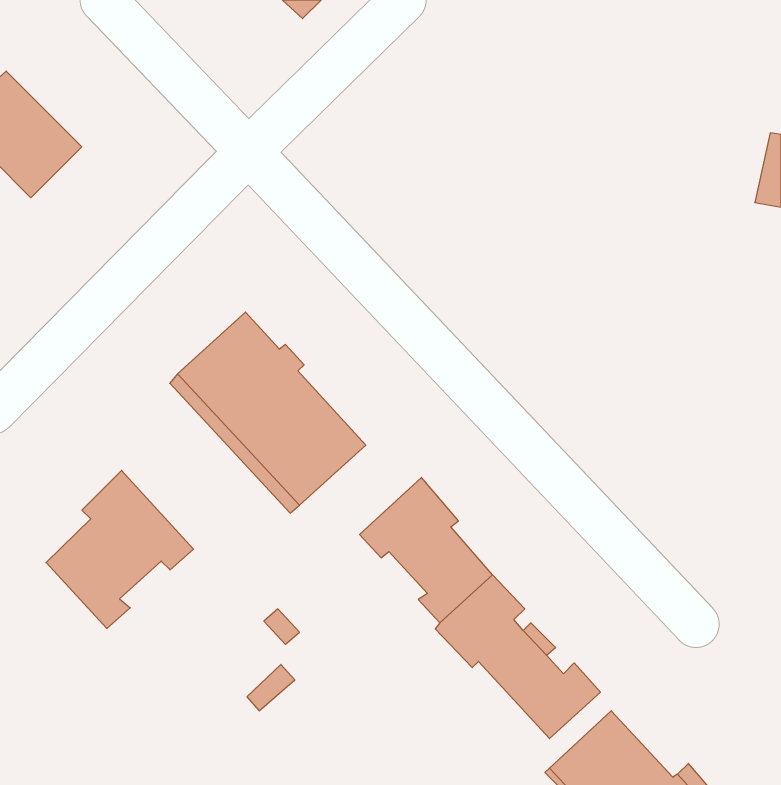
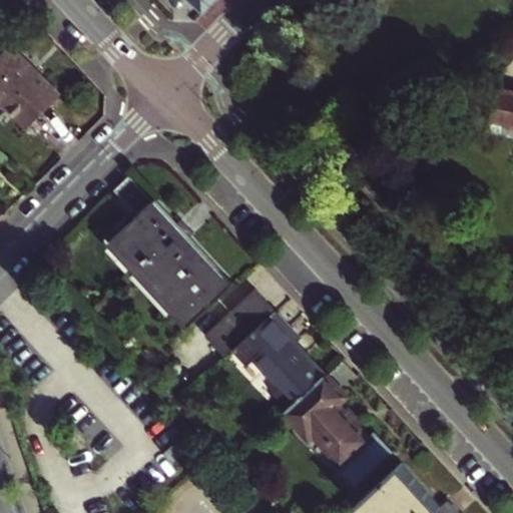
building: none -> [202,292,274,360]
building: [46,470,193,629] -> none

